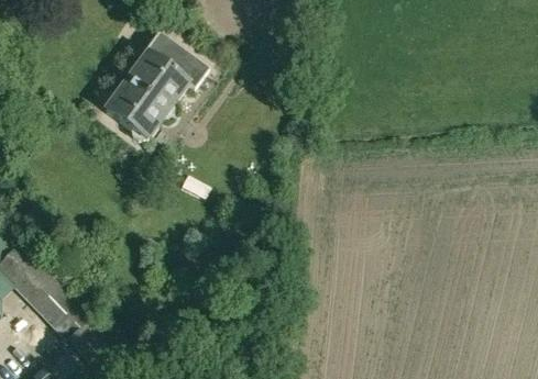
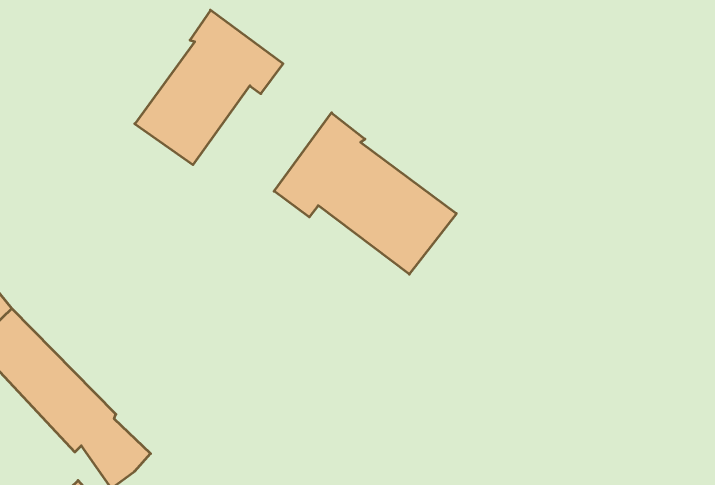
building: none -> [274,113,456,274]

